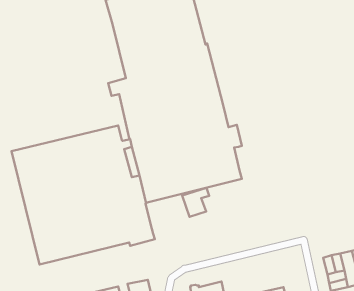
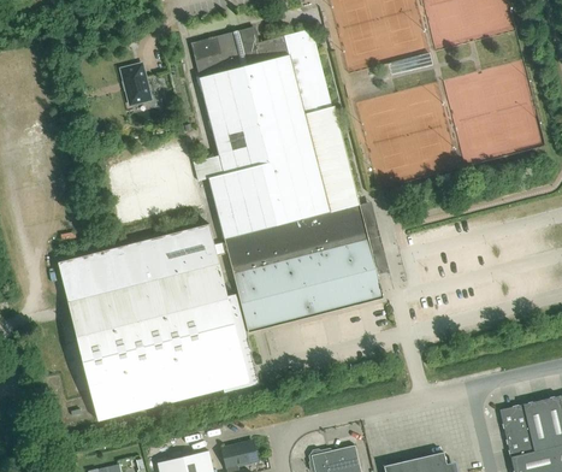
building: none -> [123,63,150,101]
building: [182,188,209,217] -> none

